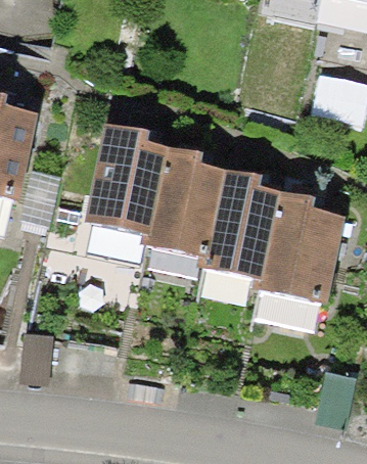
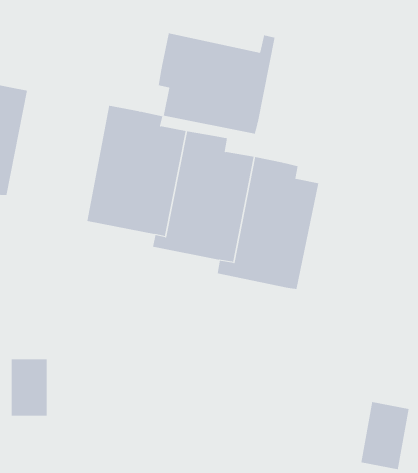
building: none -> [158,32,275,135]
building: [253,189,347,304] -> none

